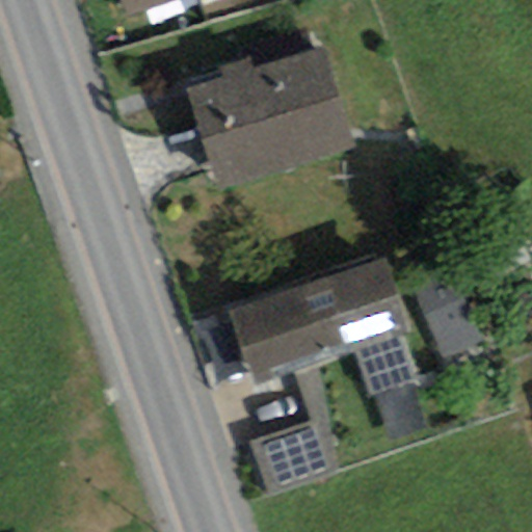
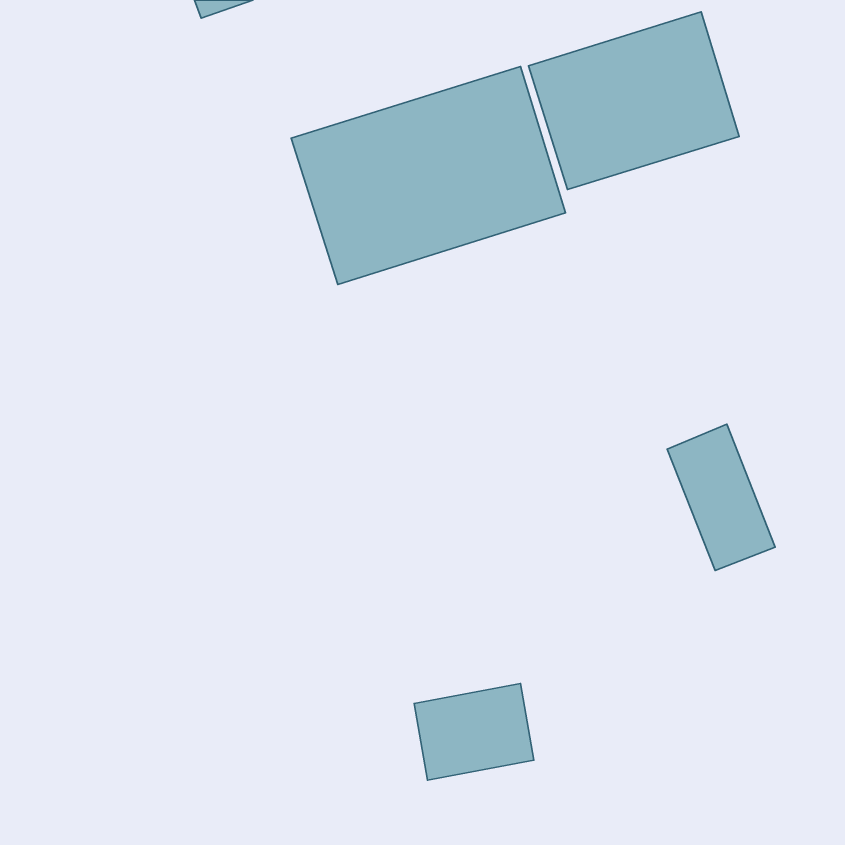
building: none -> [528,12,739,190]
building: [227,258,406,380] -> none

